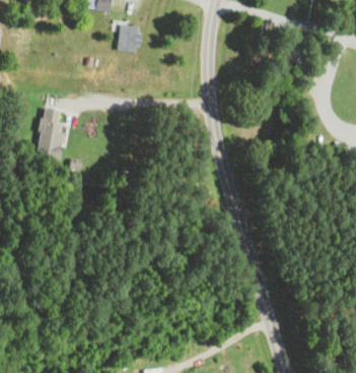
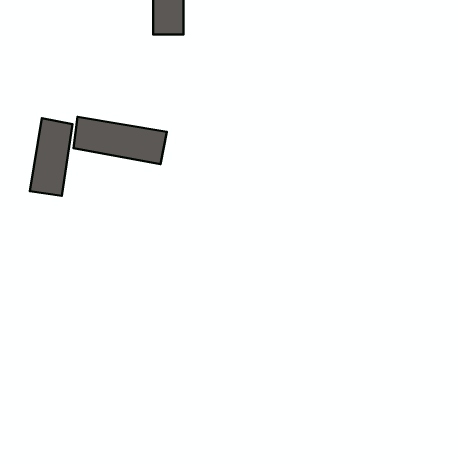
building: none -> [74,117,167,164]

